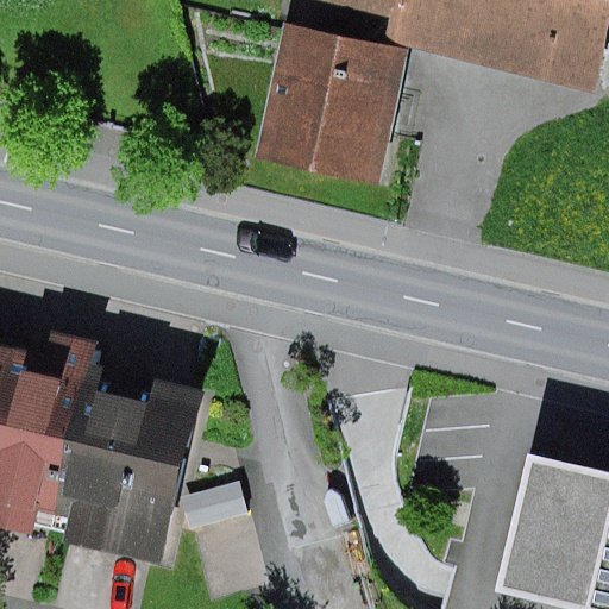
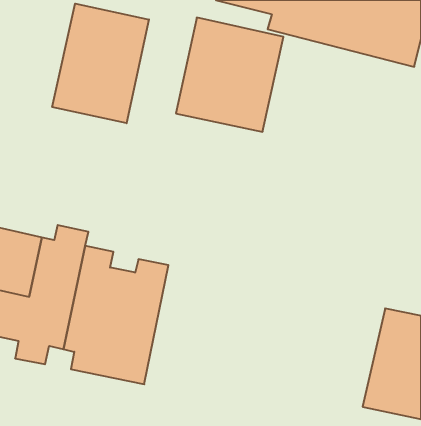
building: none -> [52,4,149,123]

